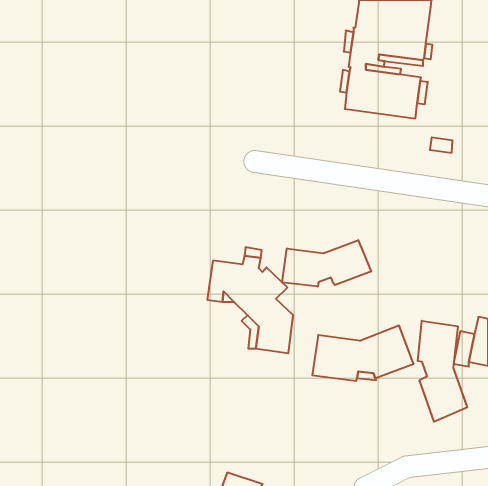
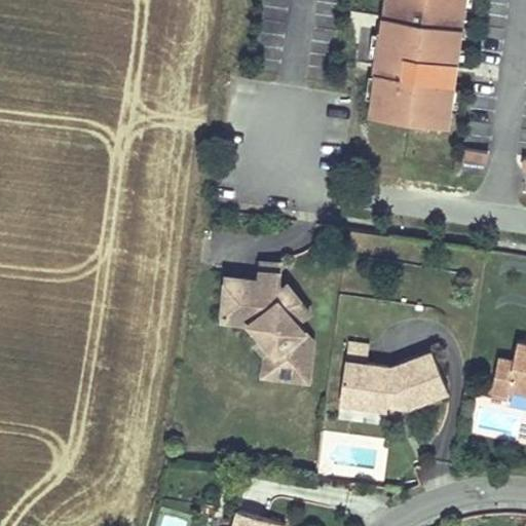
building: [282,240,371,287] -> none
building: [418,321,467,422] -> none

